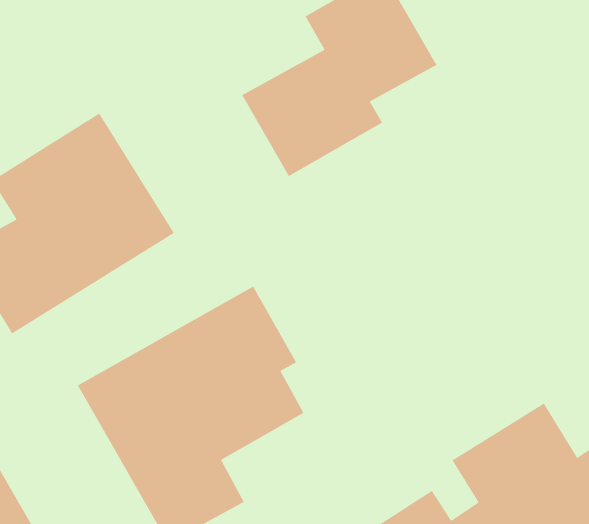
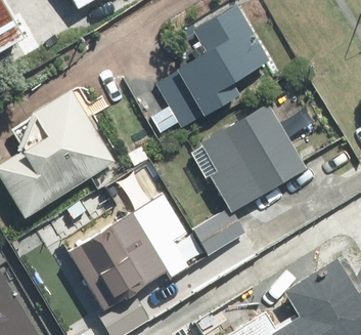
building: none -> [191,102,308,255]

